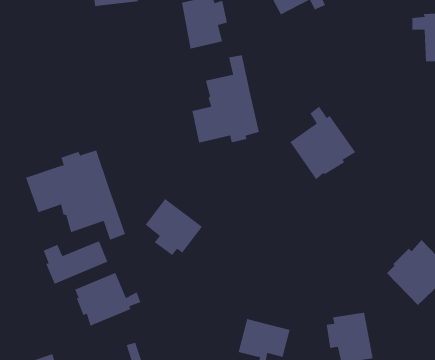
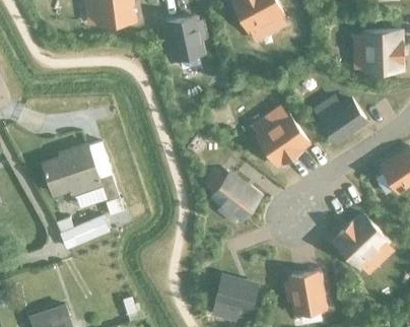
building: [192,54,260,143] -> none
building: none -> [319,97,365,141]
building: [145,198,203,256] -> [212,175,259,221]
building: [75,272,141,327] -> none

